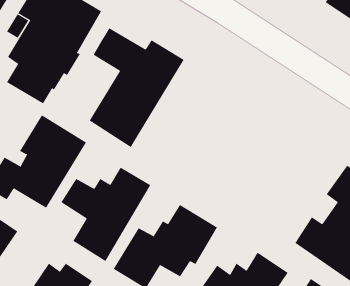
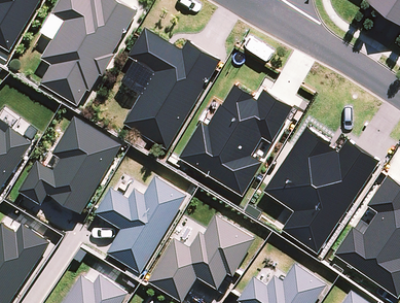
building: none -> [179,88,294,200]
building: none -> [262,124,378,252]

